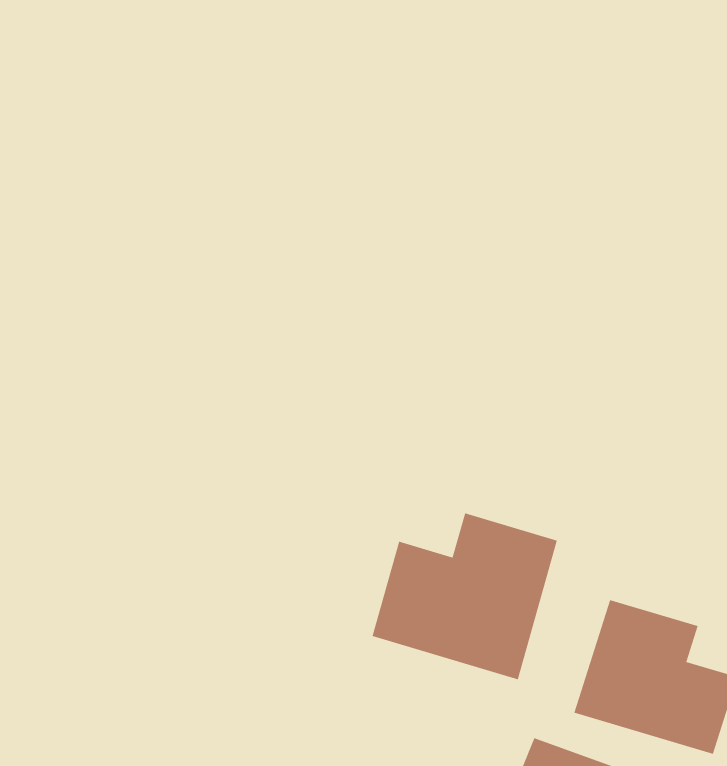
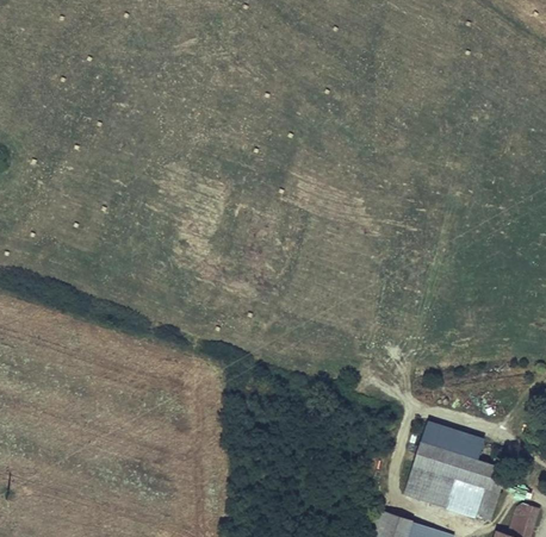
building: [372,512,558,680] -> none

